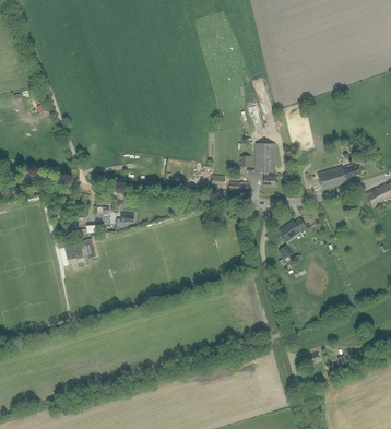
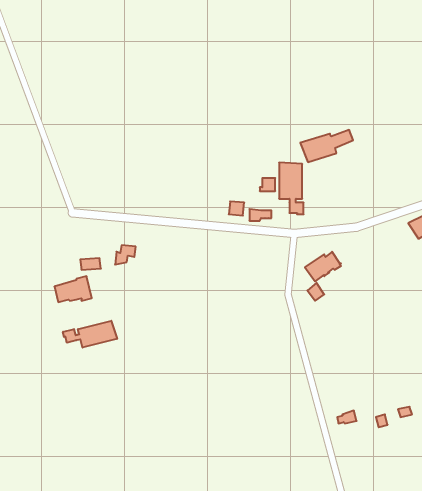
building: [317,162,362,189] -> [300,130,353,162]
building: none -> [63,321,117,348]

